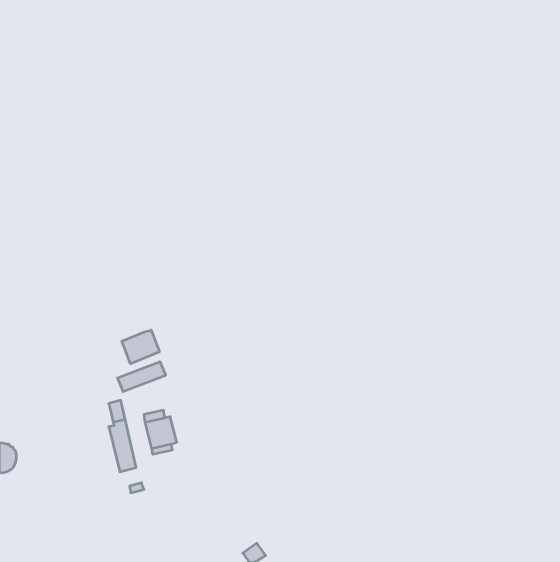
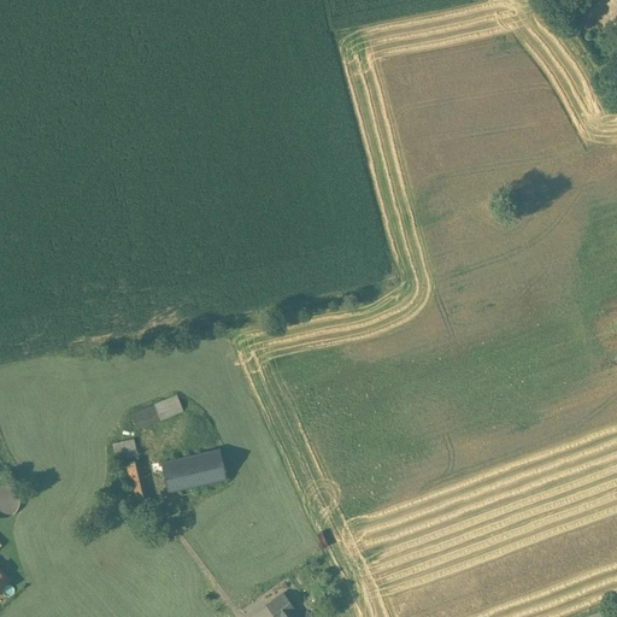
building: [122,330,159,364] -> none
building: none -> [187,449,225,484]

